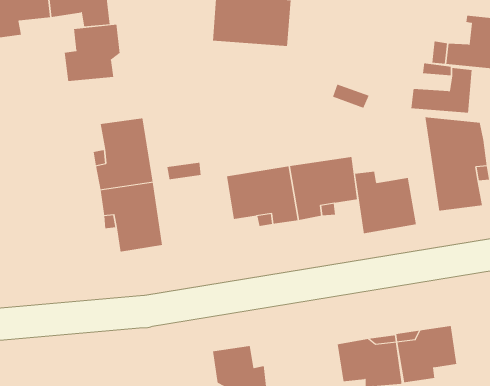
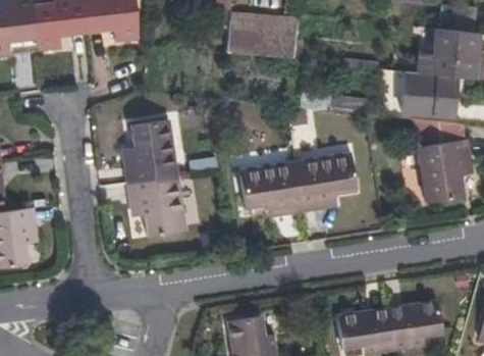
building: [64,24,120,82] -> none
building: [354,171,417,234] -> none

